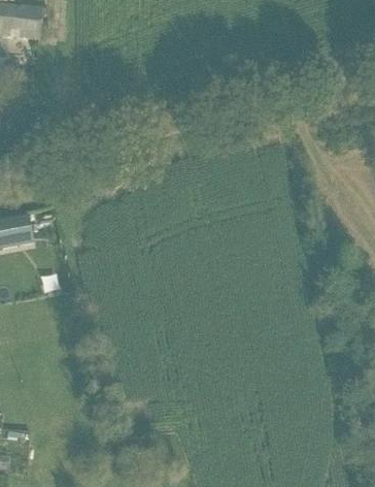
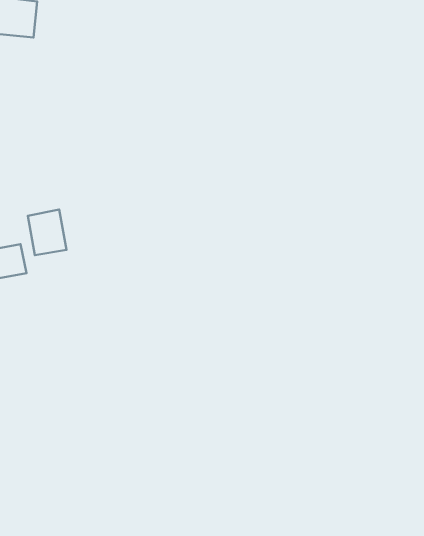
building: none -> [28,210,67,255]

